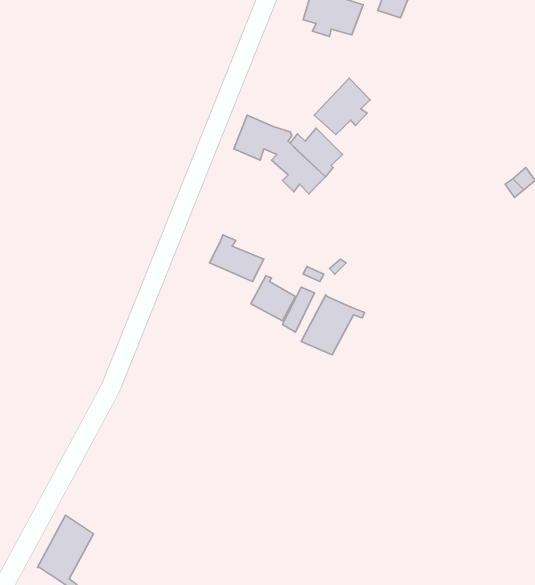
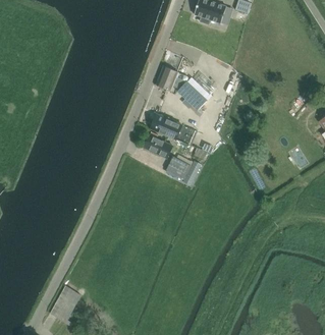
building: [314,78,370,134] -> none
building: none -> [151,115,182,139]
building: [301,295,364,355] -> none

